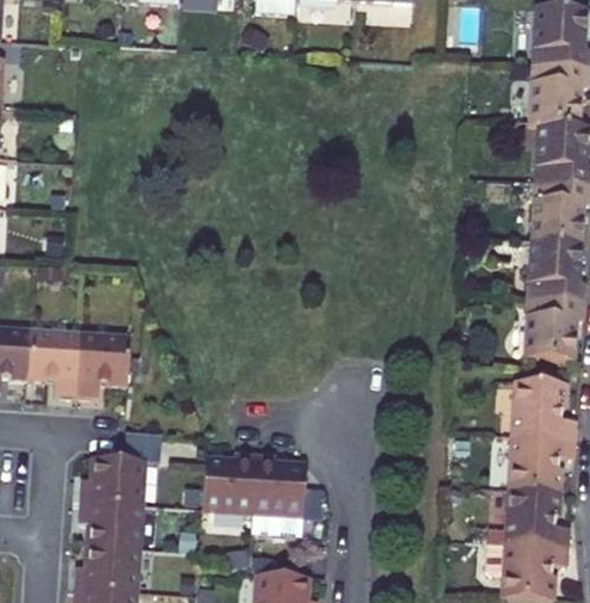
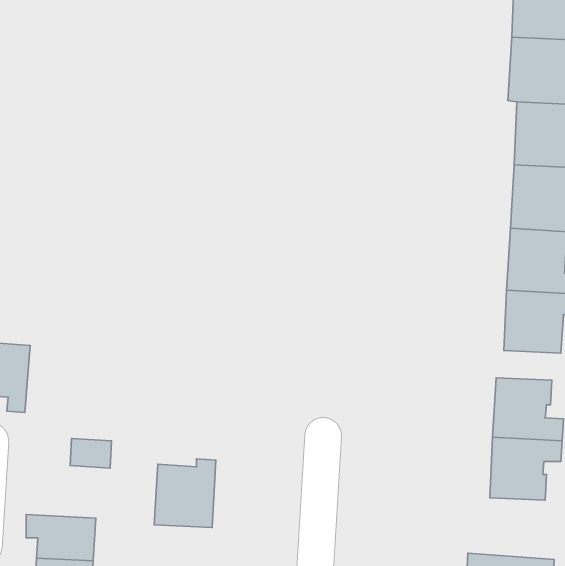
building: [80,344,133,407] -> none
building: [253,450,309,533] -> none
building: [81,457,148,504] -> none
building: [490,485,571,542] -> none

